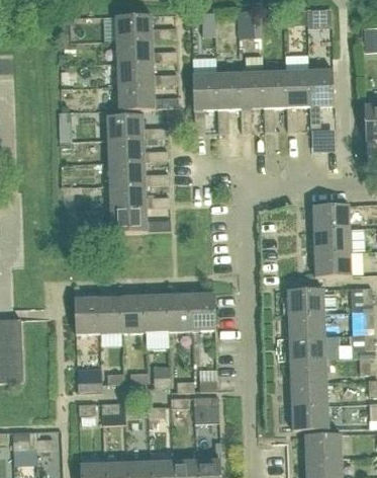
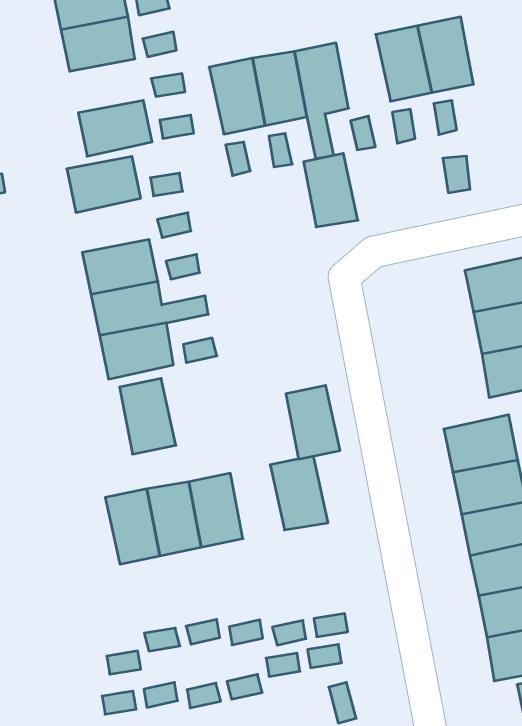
building: [116,62,154,86] -> none
building: [263,70,287,107] -> [304,153,358,227]
building: [107,138,145,162] -> none
building: [168,294,192,331] -> [286,385,340,459]
building: [75,297,100,335] -> [120,378,176,454]

